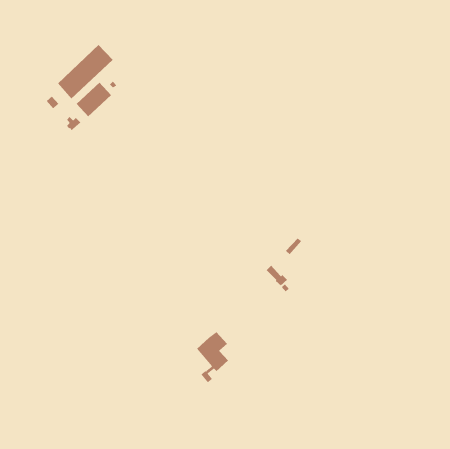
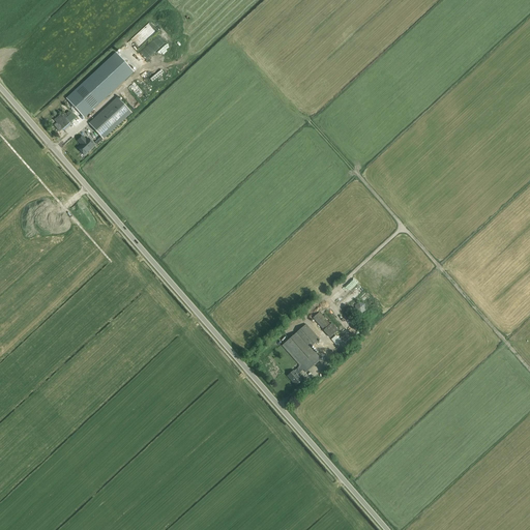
building: [196,331,229,383] -> [283,324,321,385]

